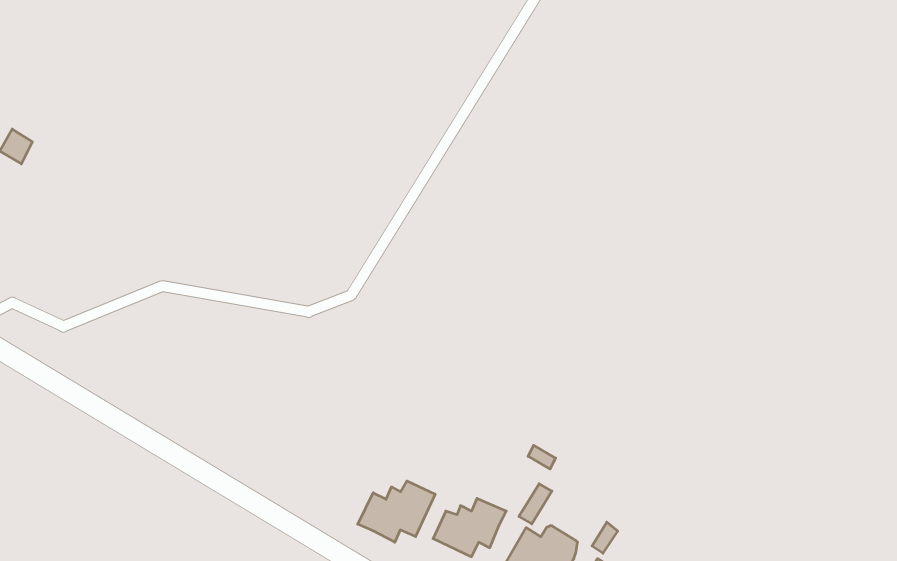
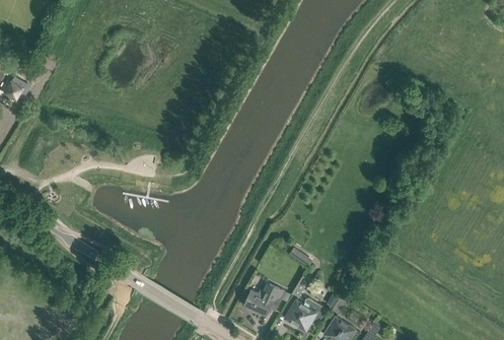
building: [358,481,435,542] -> none

